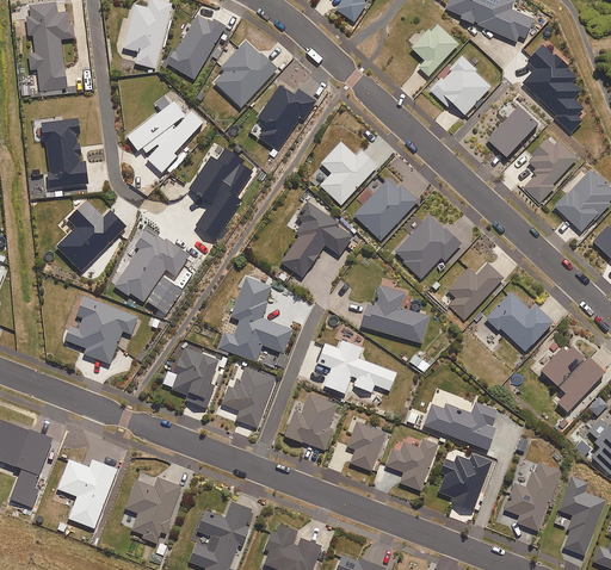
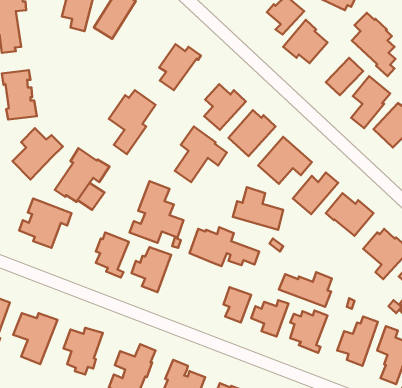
building: [215,42,277,109] -> none
building: [126,103,203,172] -> none
building: [283,392,337,450] -> none

